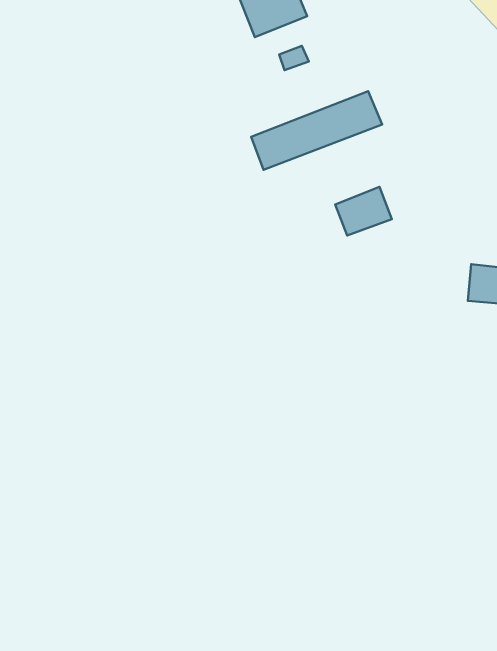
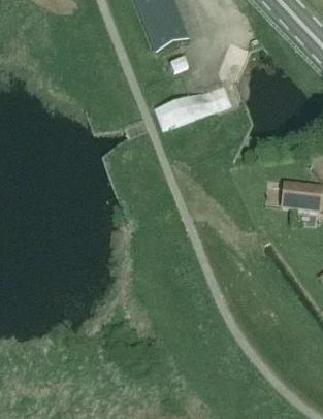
building: [335,187,392,235] -> none

